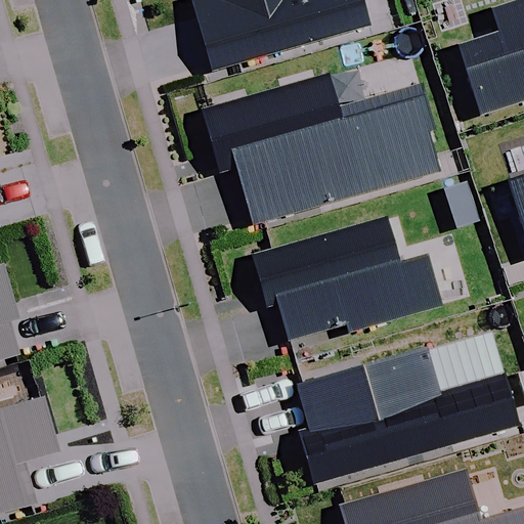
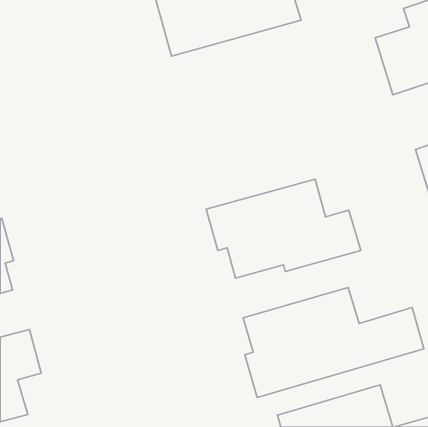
building: [202,76,439,222] -> none

